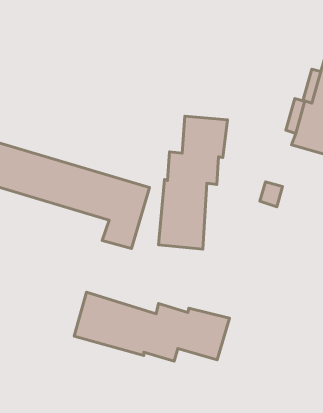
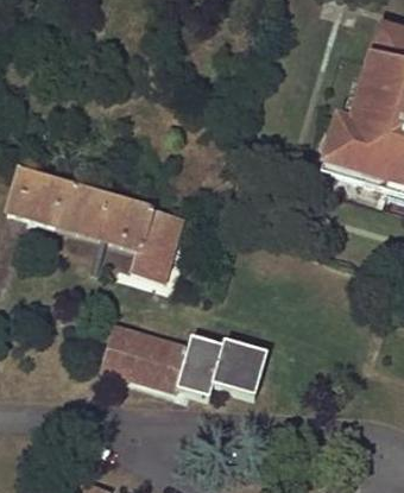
building: [158,116,227,249] -> none

